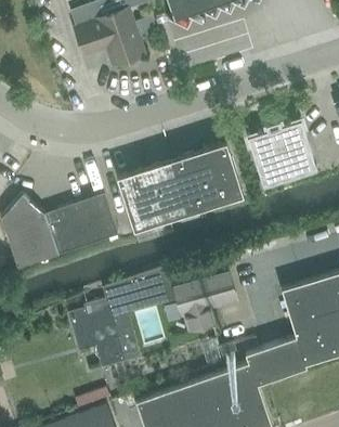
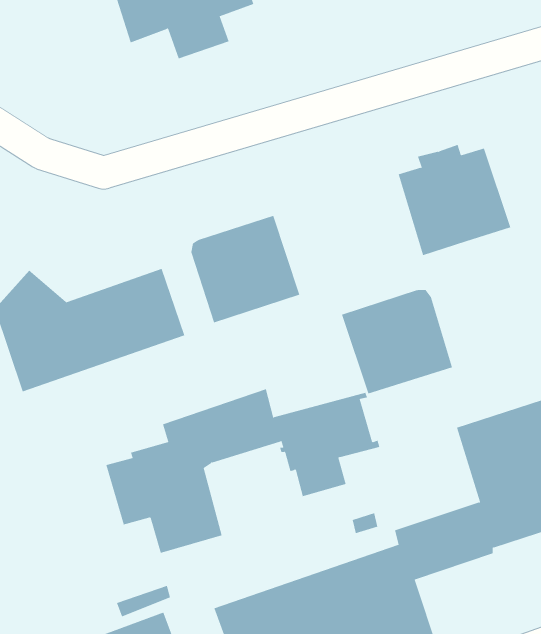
building: [171,146,239,210] -> [341,290,453,394]

